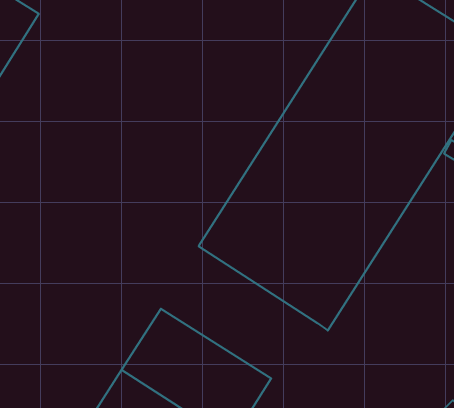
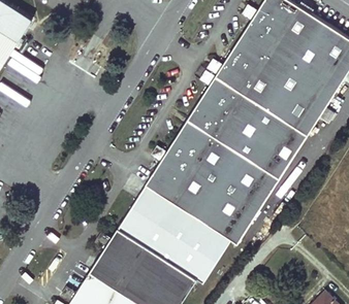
building: none -> [118,184,229,282]

